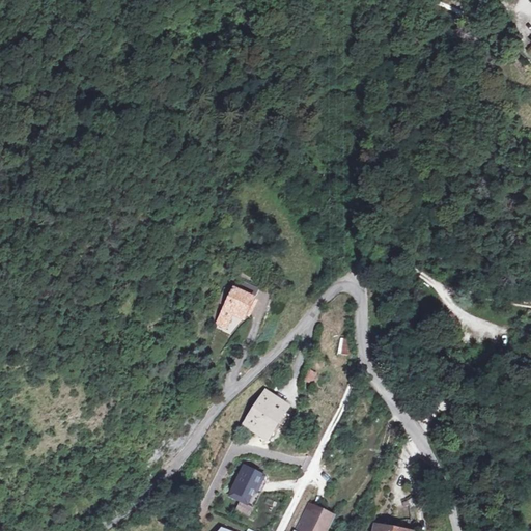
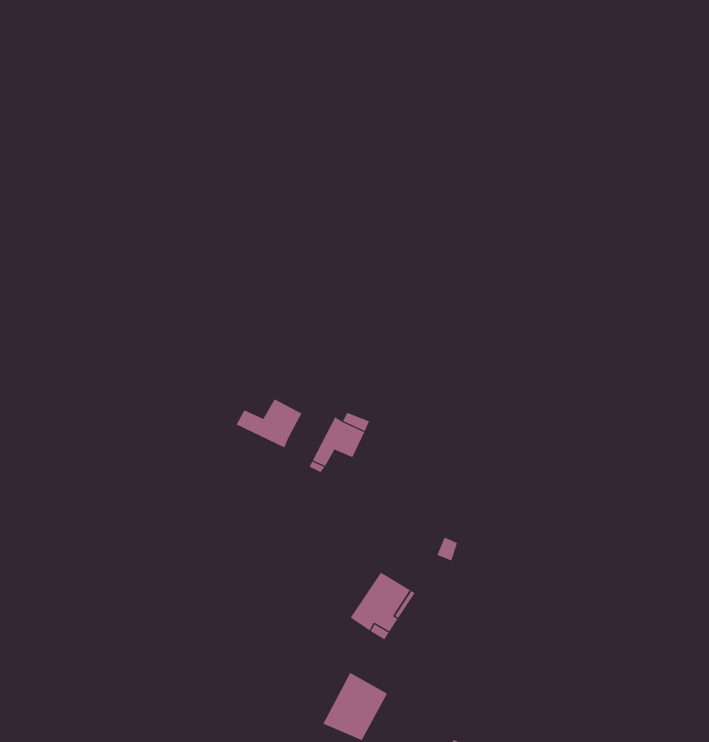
building: none -> [236,399,302,448]

